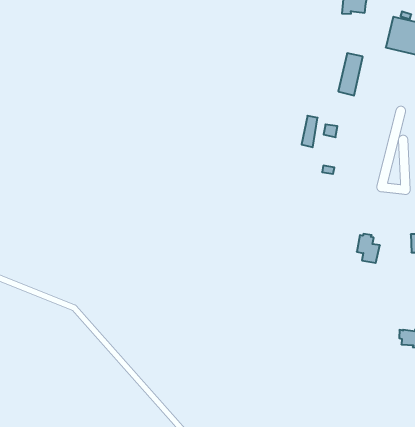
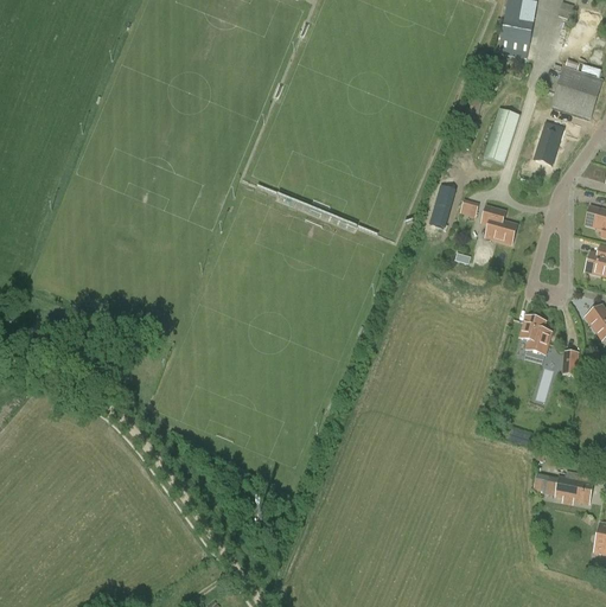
building: none -> [535,124,562,161]
building: none -> [481,206,517,243]
building: [357,234,380,263] -> [521,314,551,353]

